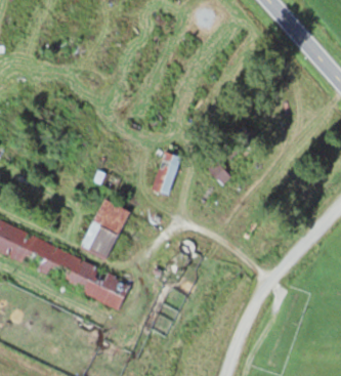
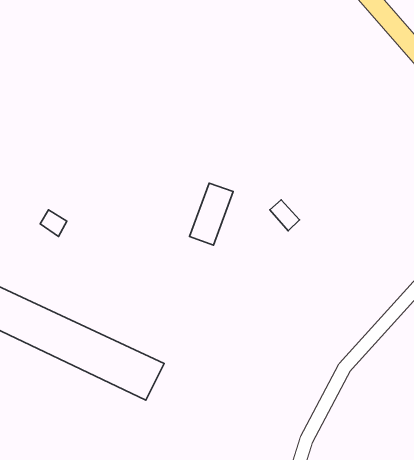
building: [82,200,129,258] -> none

